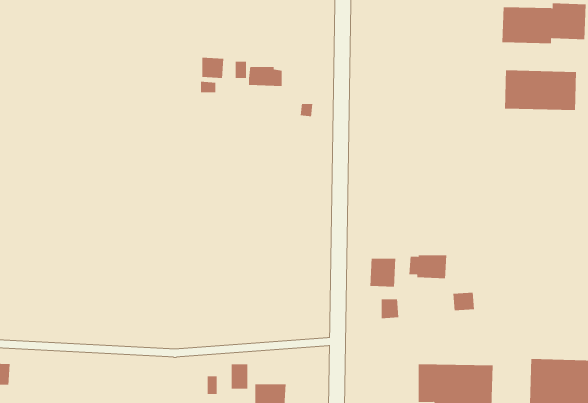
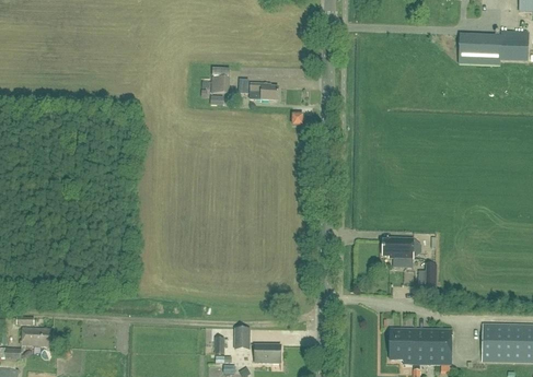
building: [504,70,577,111] -> none
building: [370,258,396,288] -> none

